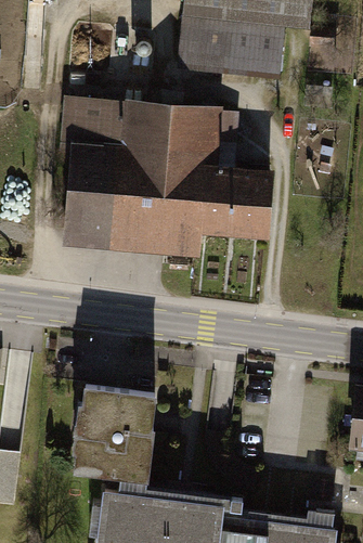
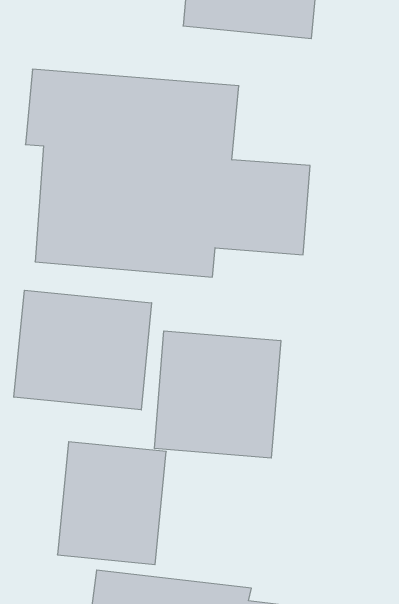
building: none -> [14,290,152,410]
building: none -> [154,331,281,458]

